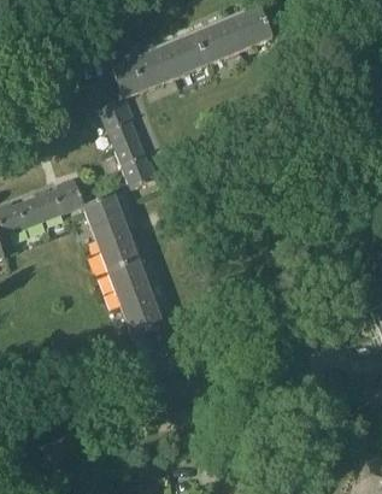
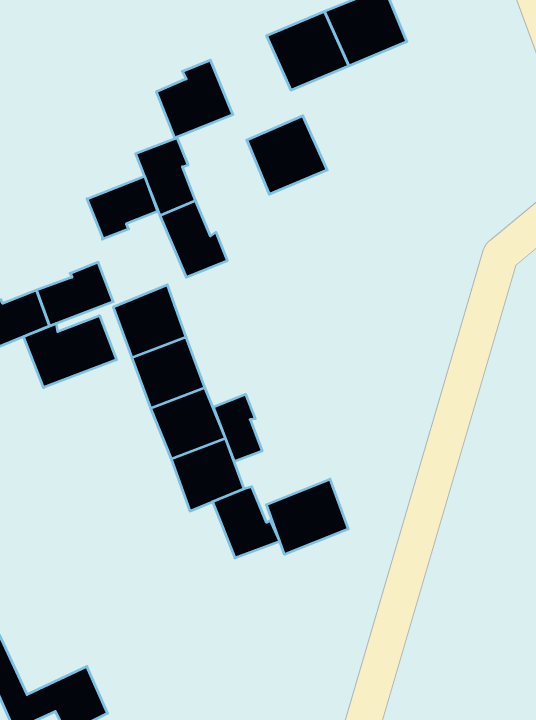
building: [146,33,198,83] -> [247,116,327,194]
building: none -> [87,176,157,239]
building: none -> [23,316,116,388]
building: none -> [214,394,262,462]
building: none -> [266,479,348,554]

